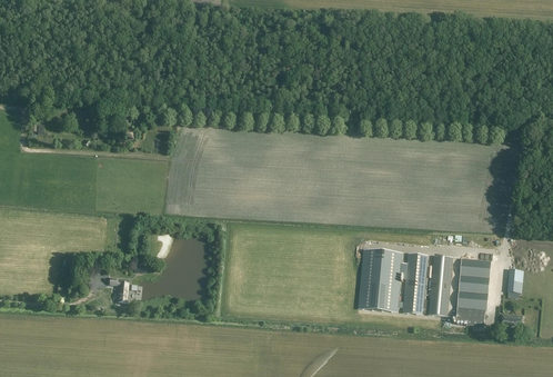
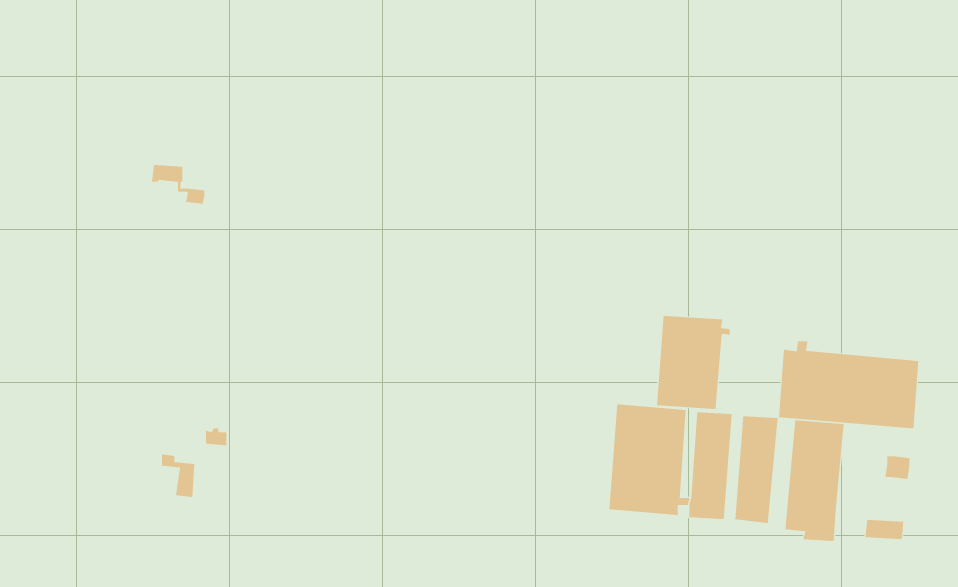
building: none -> [656,315,731,410]
building: none -> [778,341,919,429]

